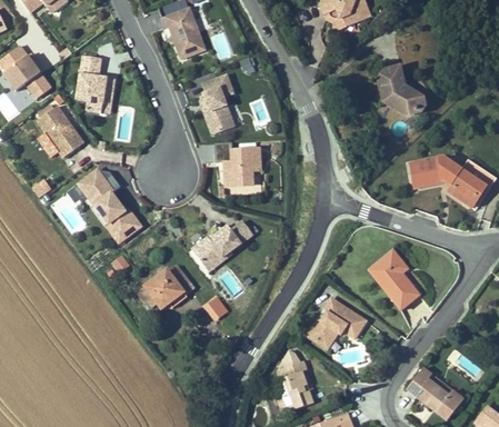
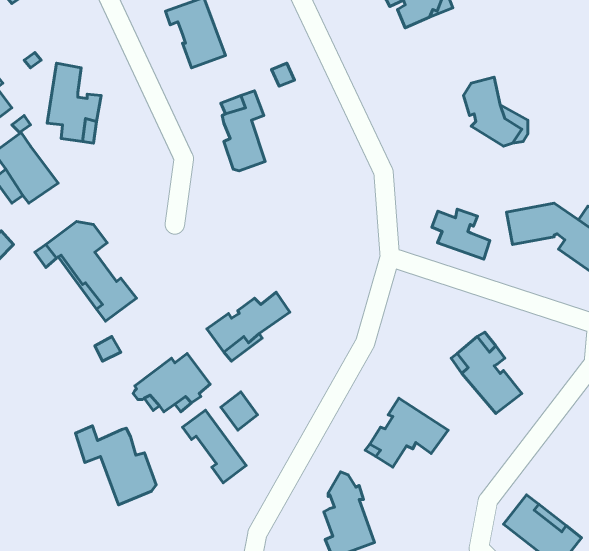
building: [214,141,260,186] -> none
building: none -> [432,209,490,259]
building: none -> [183,410,246,483]
building: none -> [75,426,156,505]

